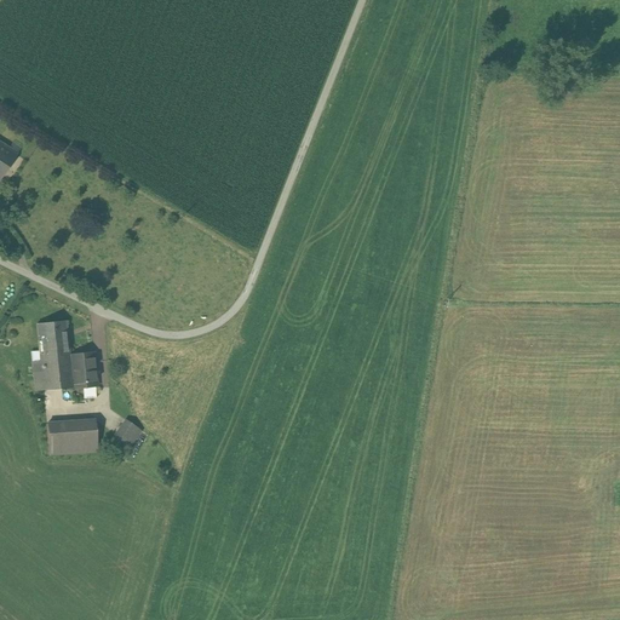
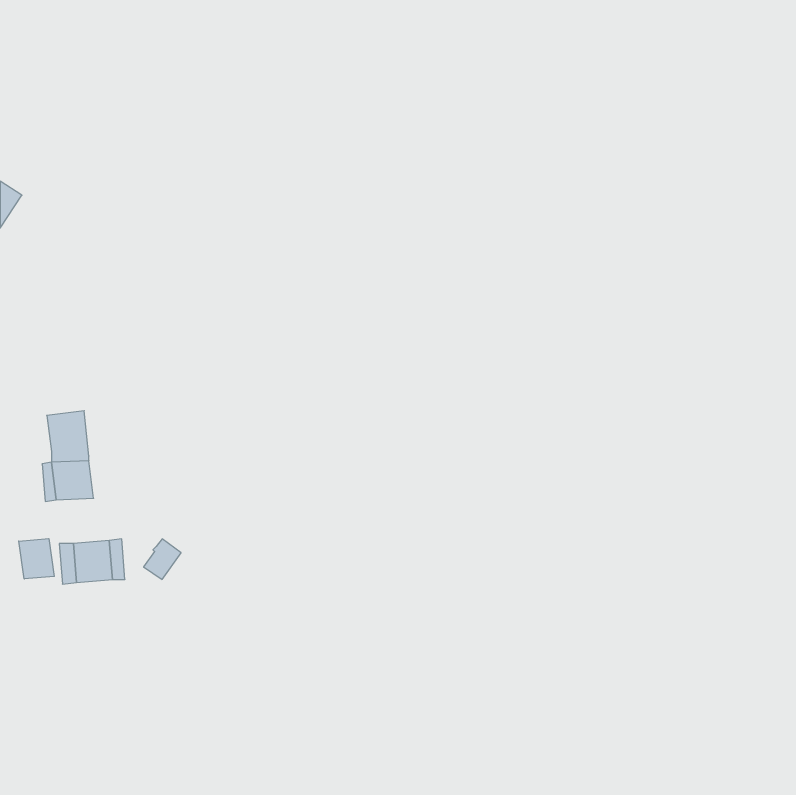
building: [70,351,98,386] -> none
building: none -> [19,539,54,579]

